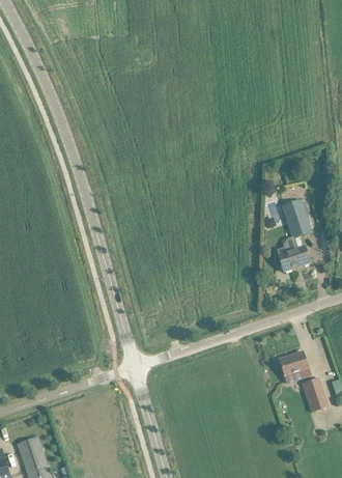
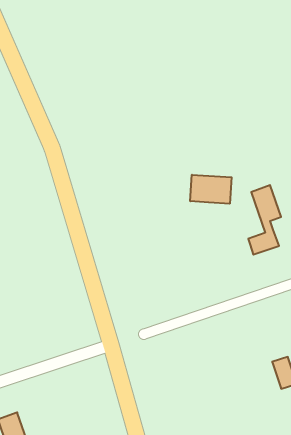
building: none -> [190,175,232,204]
building: [279,350,308,375] -> none

